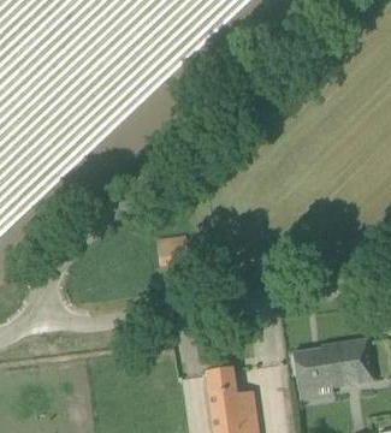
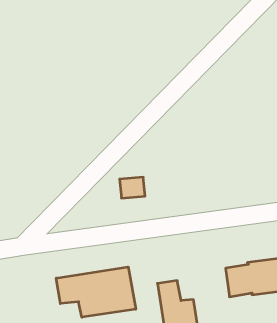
building: none -> [56,267,136,317]

